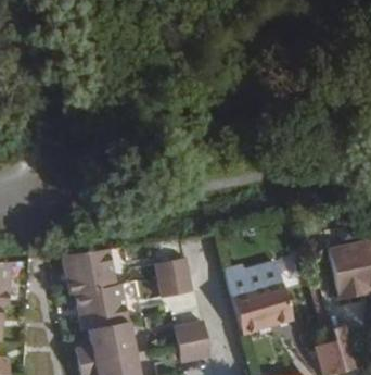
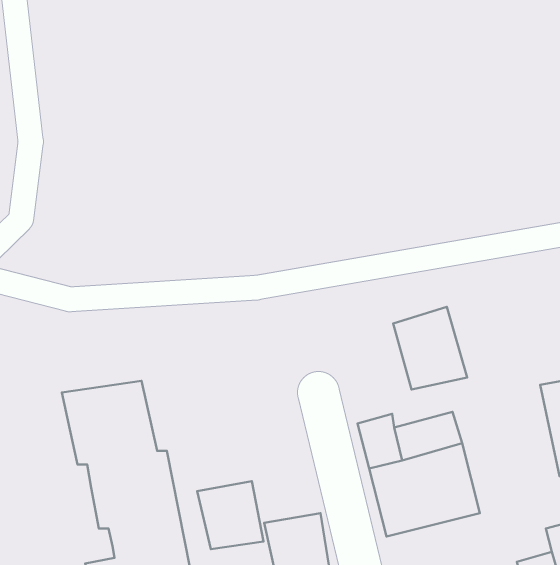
building: none -> [393,307,467,390]
building: [158,257,195,295] -> [197,481,263,549]

